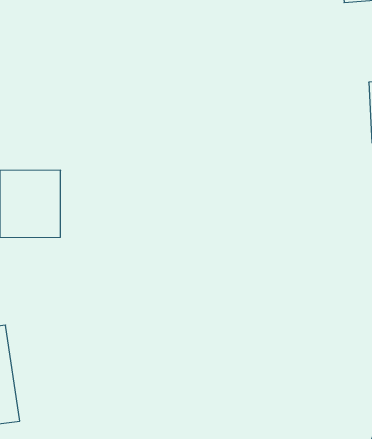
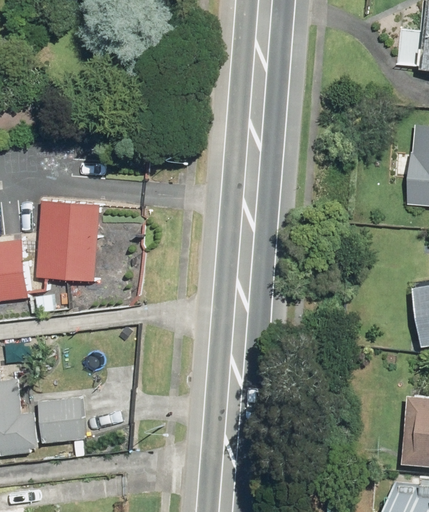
building: none -> [43,393,89,442]

